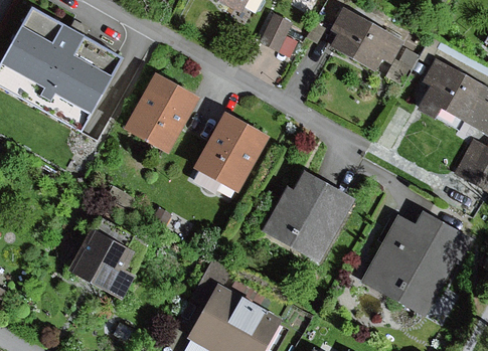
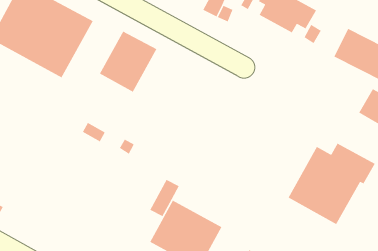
building: [196,109,271,188] -> none
building: [264,169,355,259] -> none
building: [70,224,138,296] -> none

